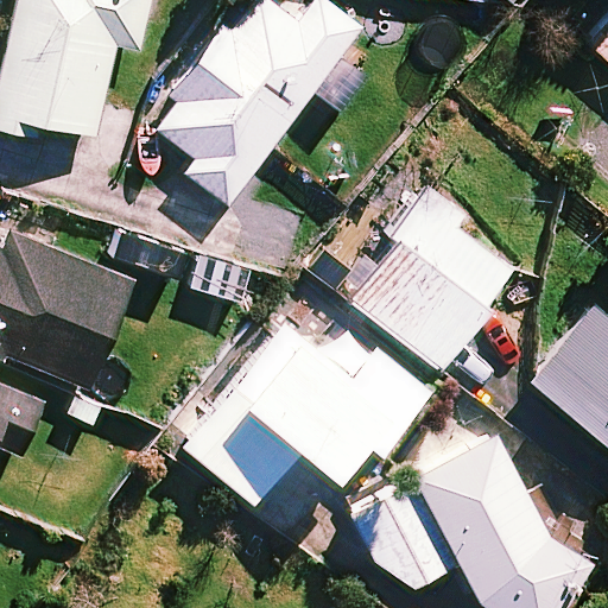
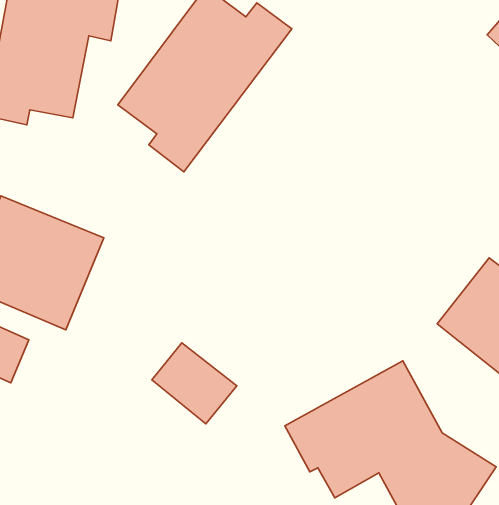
building: [350,186,519,369] -> none
building: [226,325,431,484] -> none

